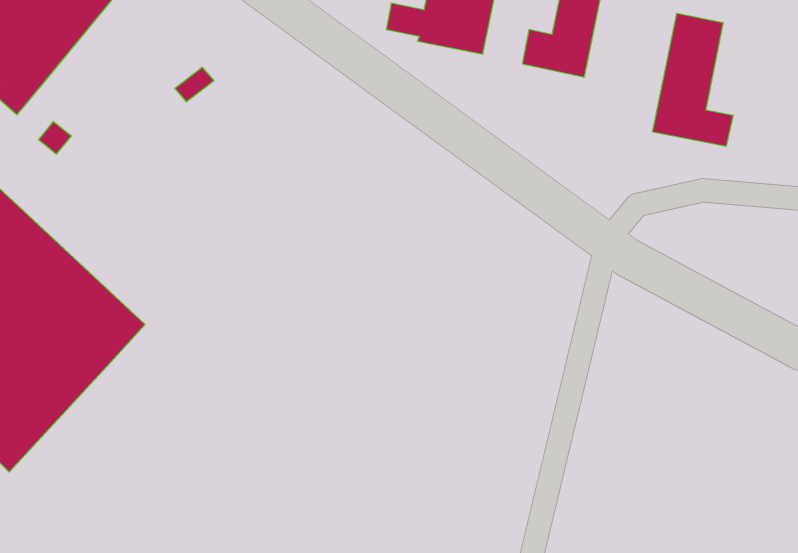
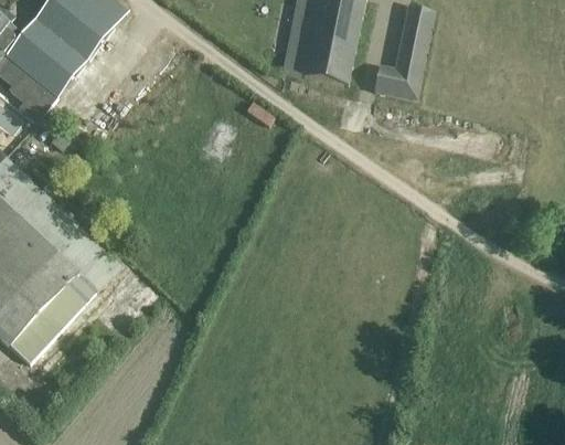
building: [653,13,733,146] -> none

